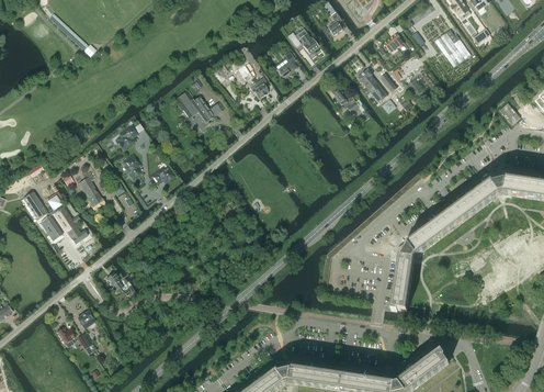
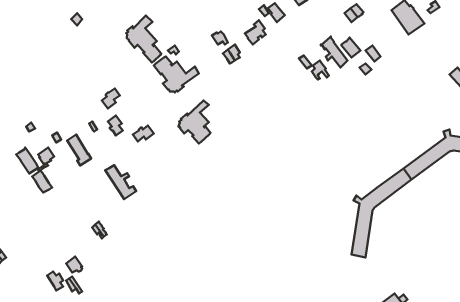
building: none -> [126,15,161,63]
building: none -> [179,100,211,143]
building: [54,206,88,244] -> [105,165,136,199]

